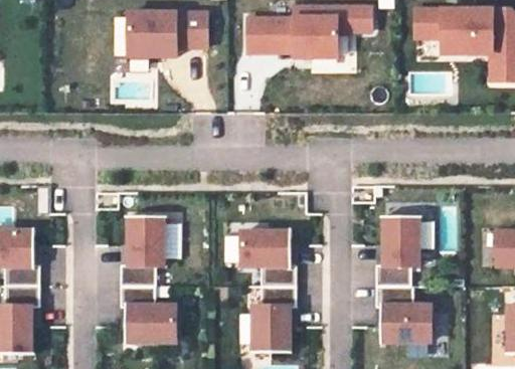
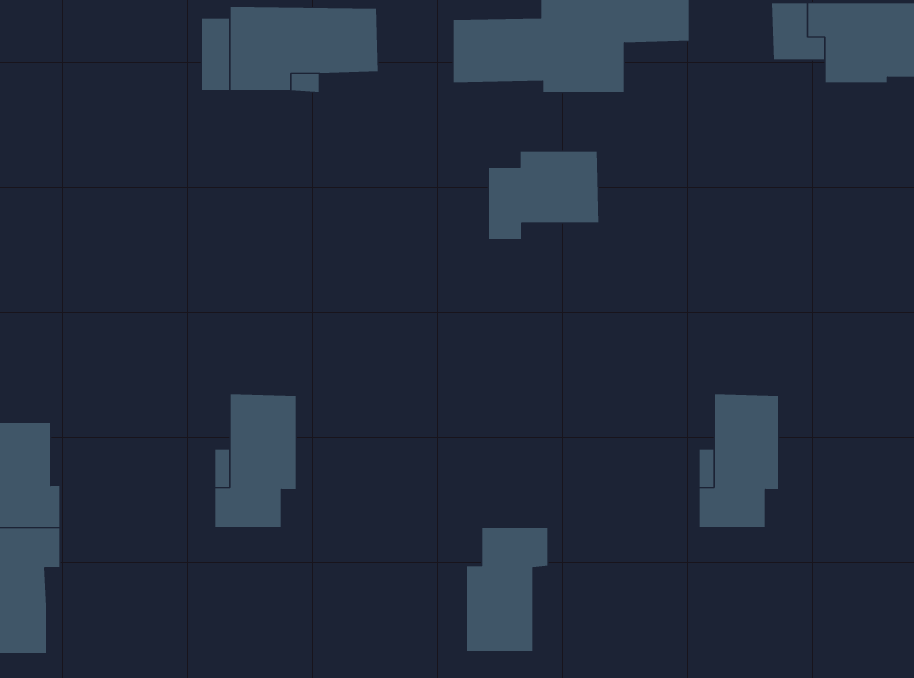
building: none -> [489,151,599,240]
building: [242,231,298,287] -> none
building: [122,287,176,341] -> none
building: [377,287,432,341] -> none

